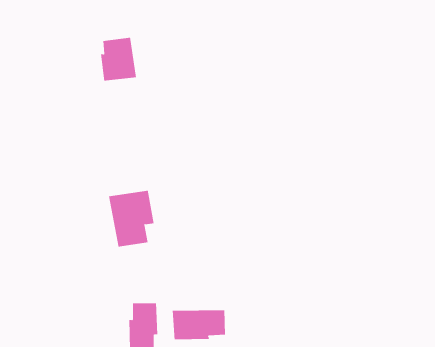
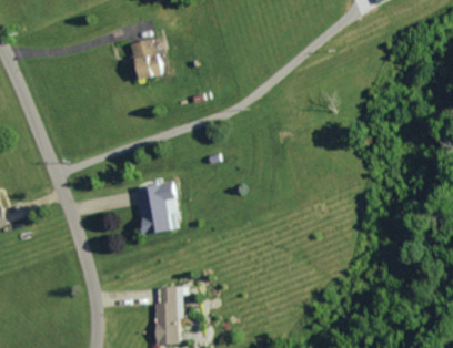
building: [172,310,226,340] -> none

